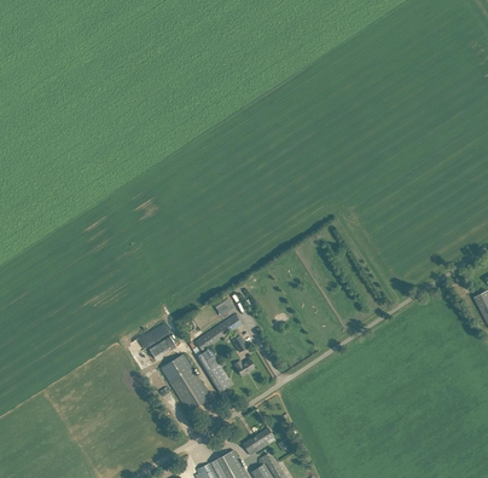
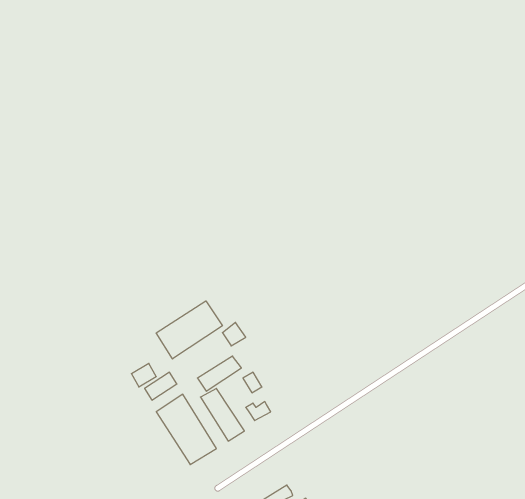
building: none -> [156,301,222,359]

